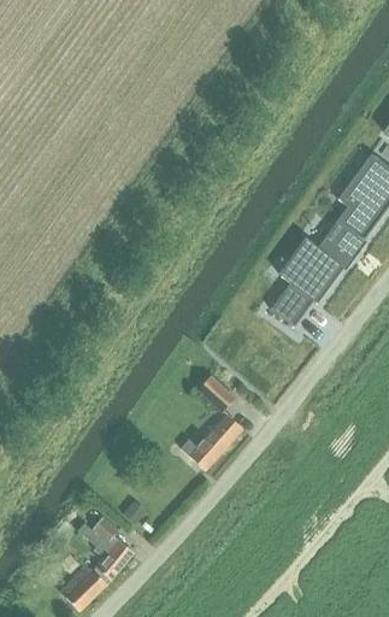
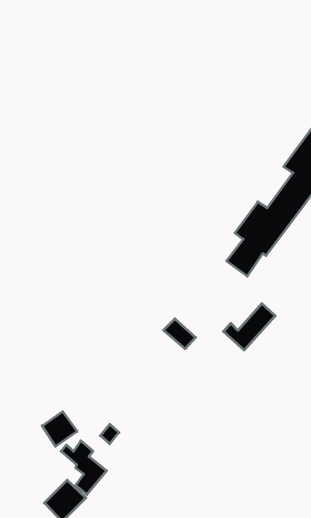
building: [179,416,240,470] -> [223,304,275,350]
building: none -> [42,412,77,446]

